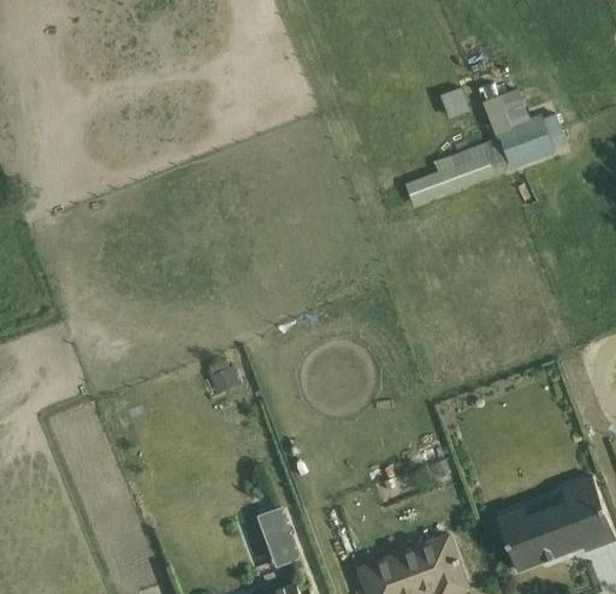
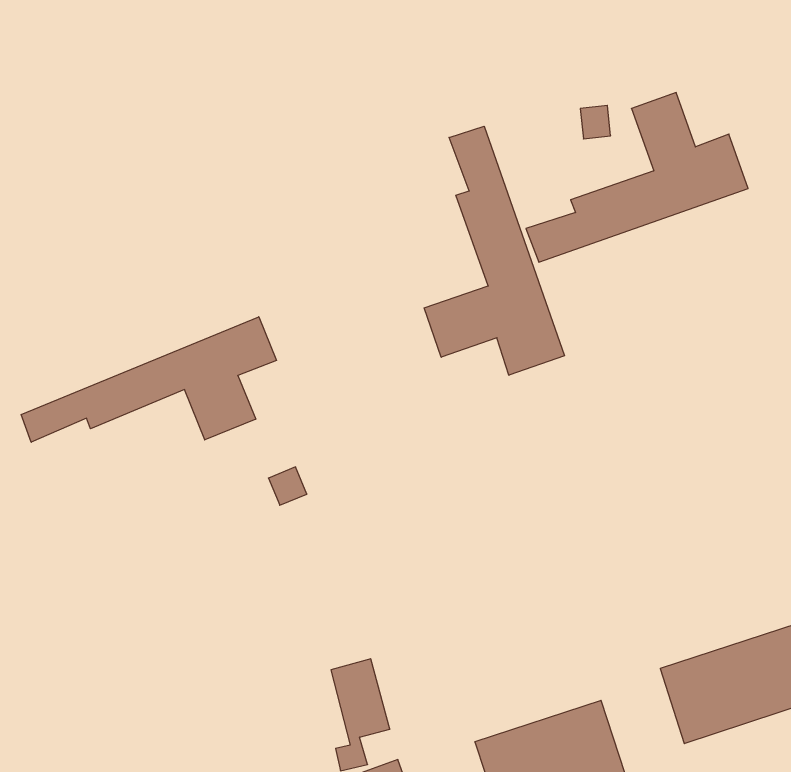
building: none -> [424,126,565,375]
building: none -> [21,317,277,442]

